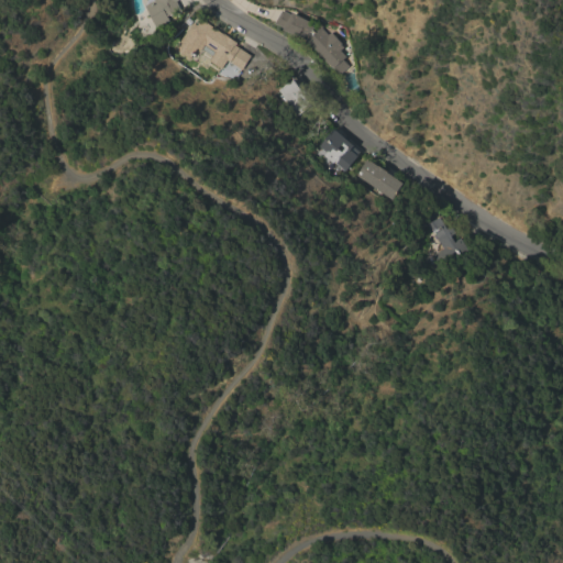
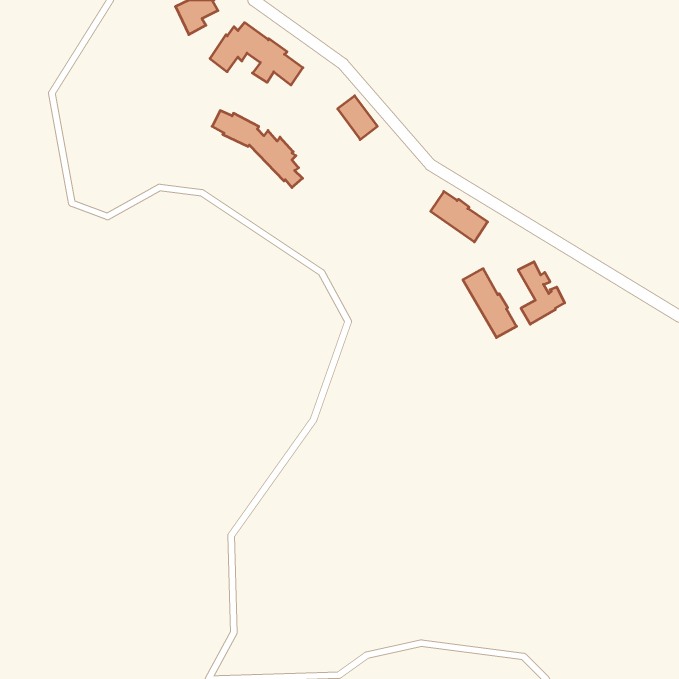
building: [274,10,349,74] -> [212,111,303,188]
building: [319,129,358,170] -> none
building: none -> [463,269,517,338]

